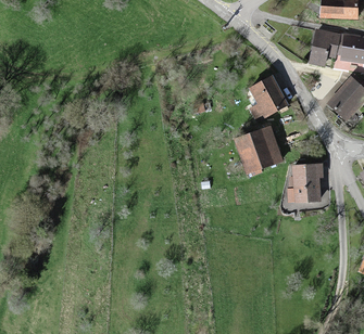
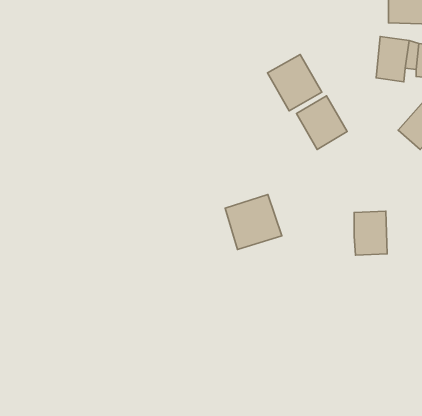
building: none -> [267,55,322,111]
building: [234,130,278,174] -> [225,194,282,250]

